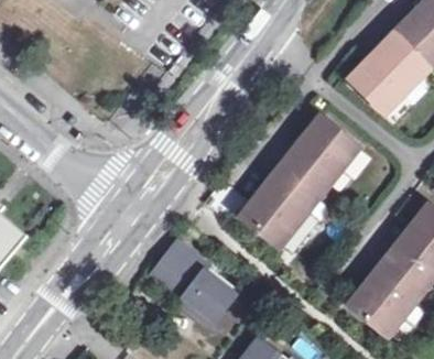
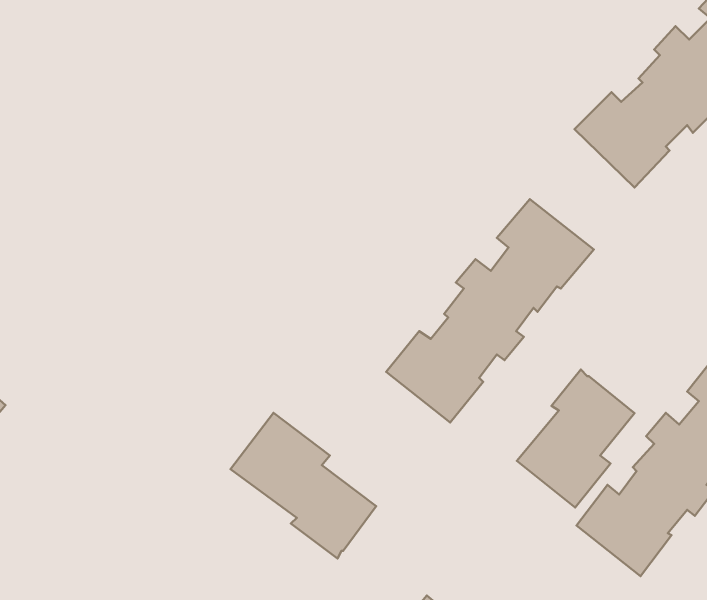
building: none -> [517,370,634,508]

